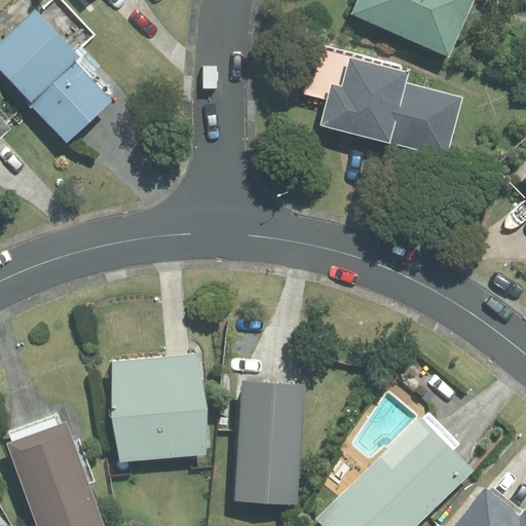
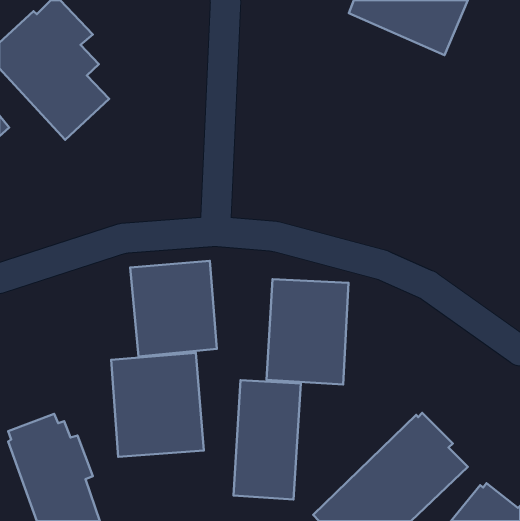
building: [303,44,460,156] -> none
building: none -> [130,261,217,356]
building: none -> [266,279,349,385]

